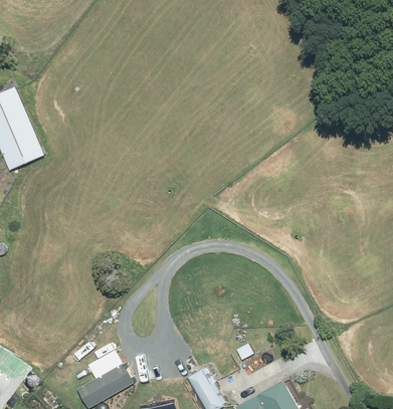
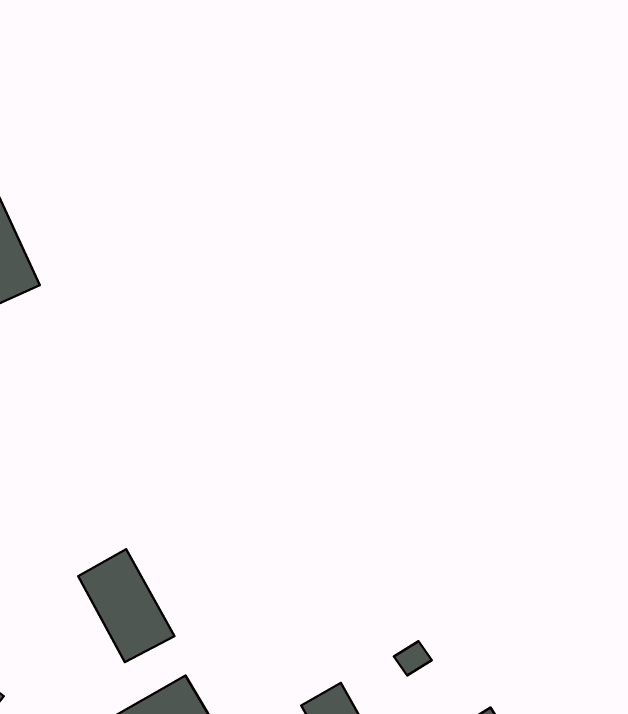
building: none -> [78,549,175,662]

